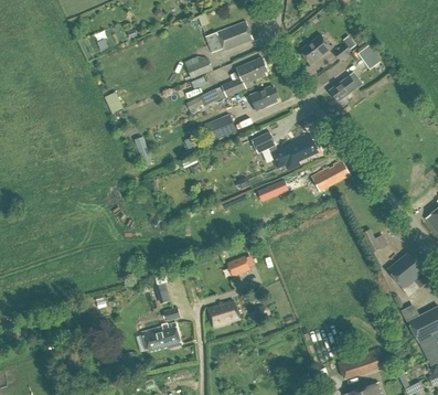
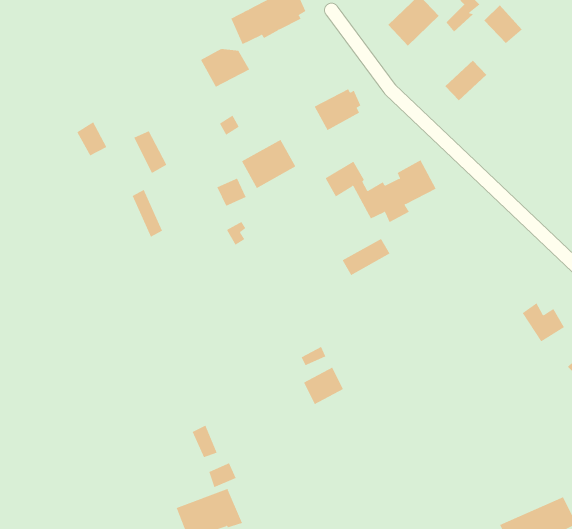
building: [221,58,267,98] -> none
building: [312,161,349,191] -> none
building: [209,302,239,330] -> none

